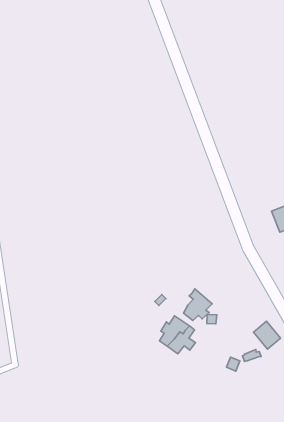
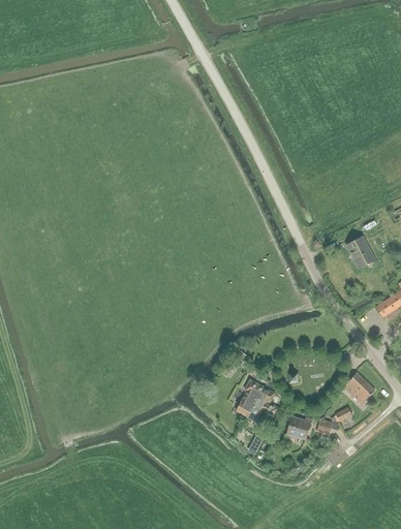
building: [184,289,212,321] -> none
building: none -> [286,416,312,439]

